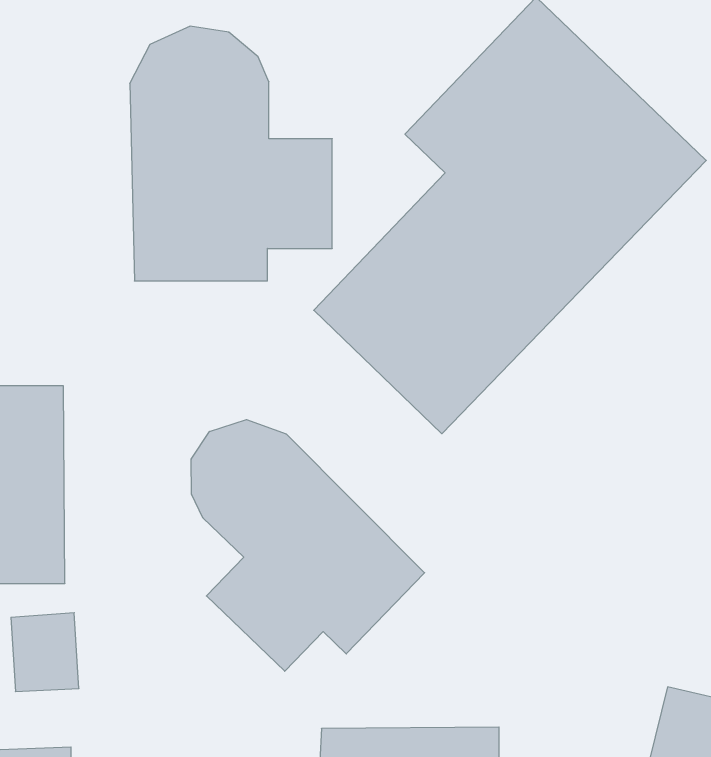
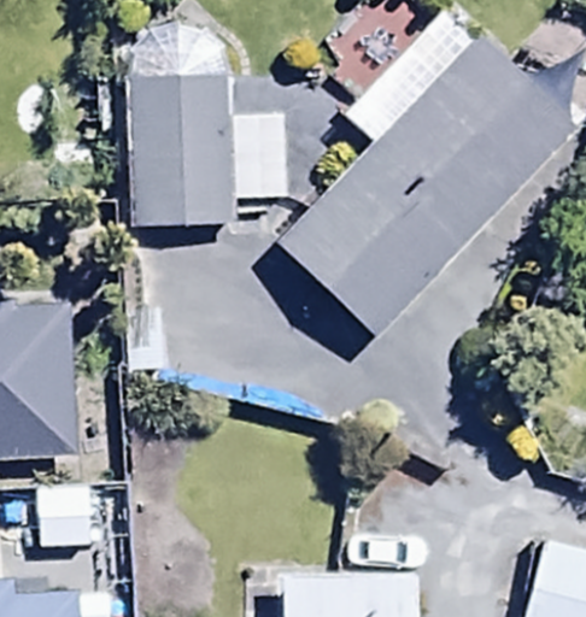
building: [191,420,425,671] -> none

